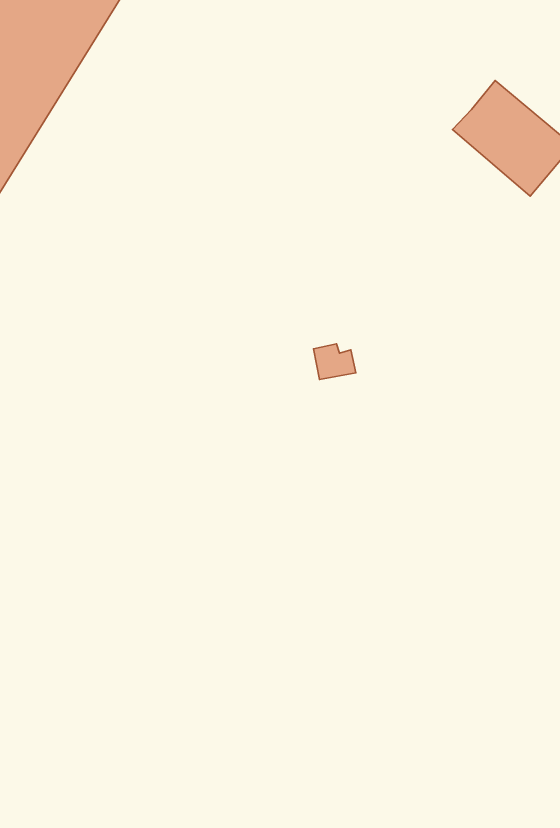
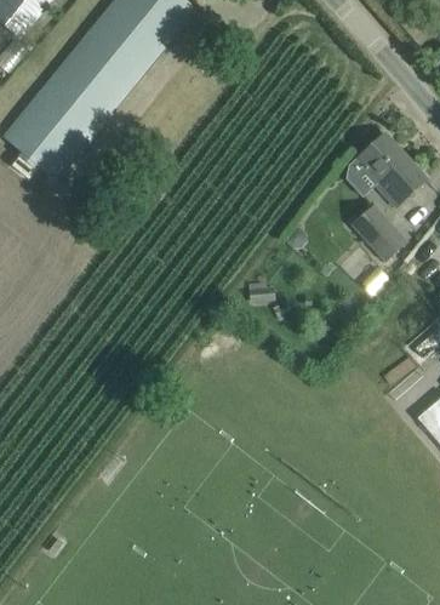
building: none -> [349,209,402,263]

